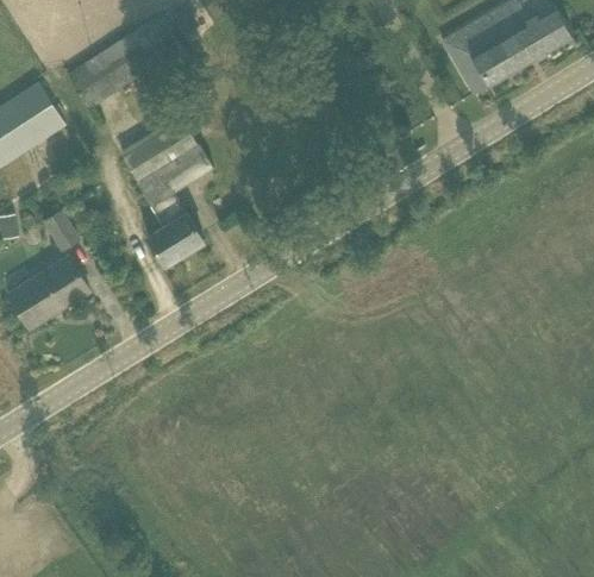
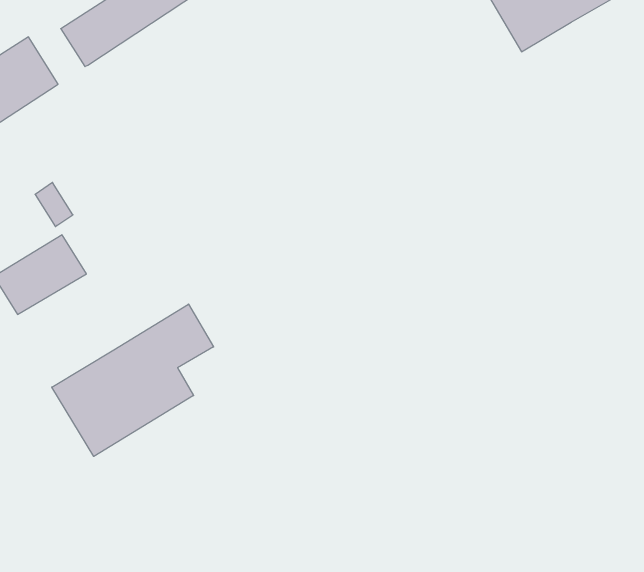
building: [123,120,213,265] -> none
building: none -> [52,304,214,456]

